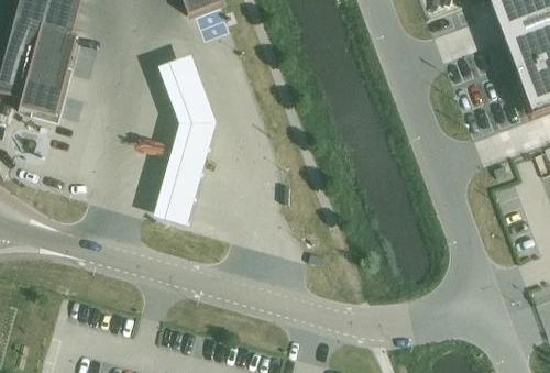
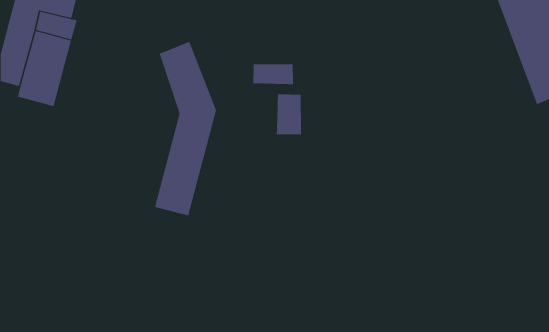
building: none -> [253,63,293,85]
building: none -> [276,93,302,135]

